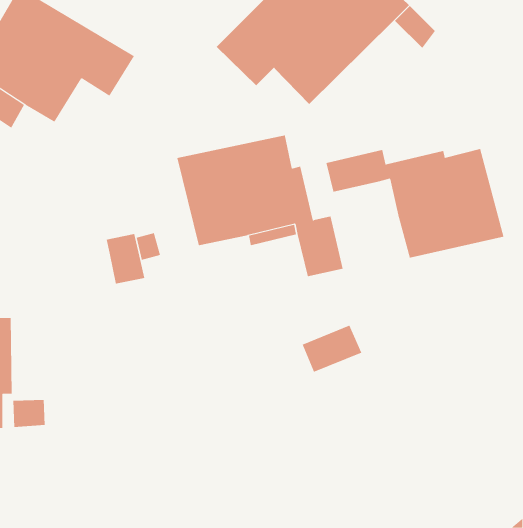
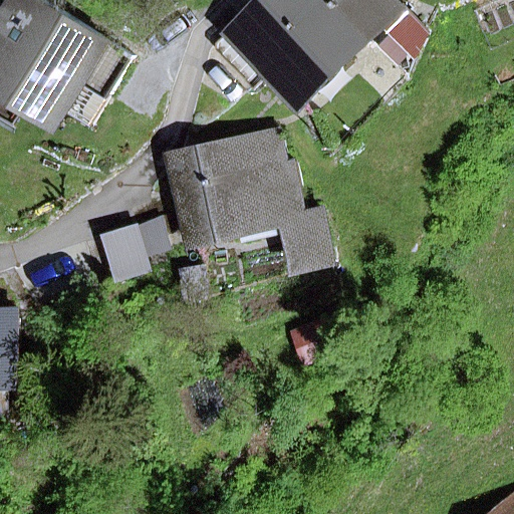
building: [326,148,504,259] -> none

